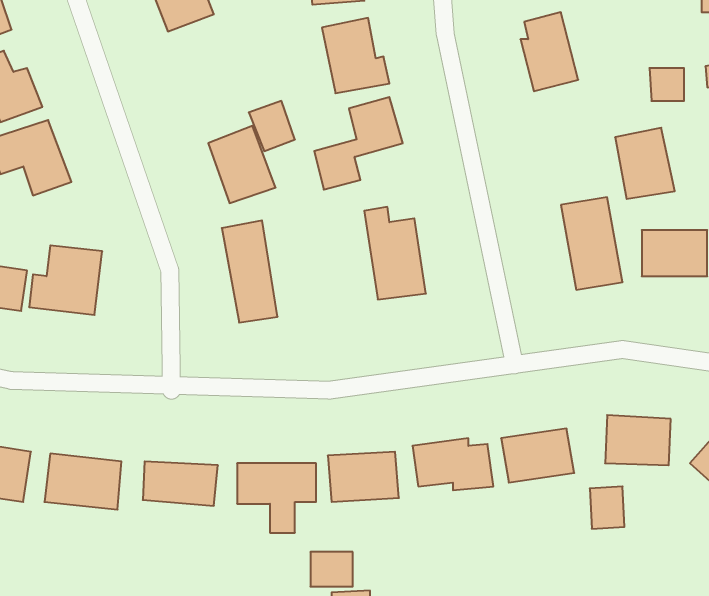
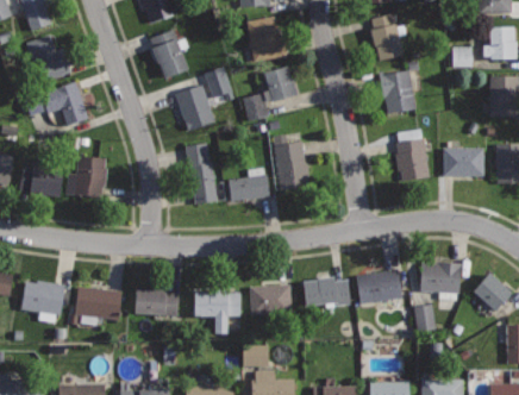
building: none -> [149,29,189,79]
building: [615,128,675,199] -> [380,69,417,113]
building: none -> [226,174,270,201]

